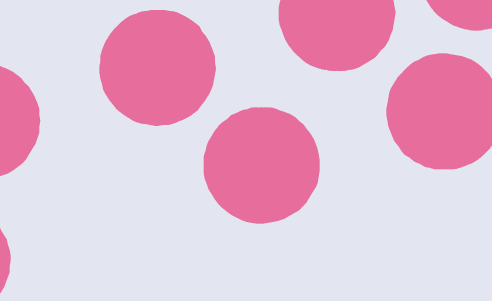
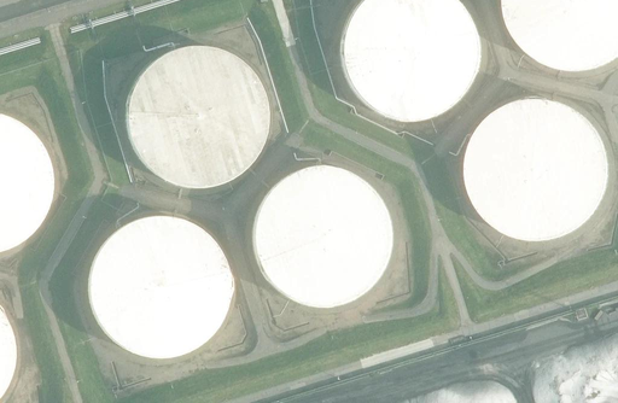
building: none -> [84,215,229,358]

